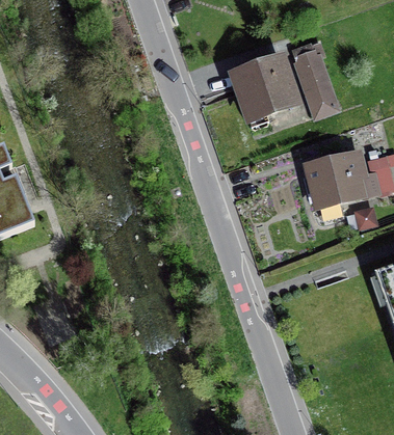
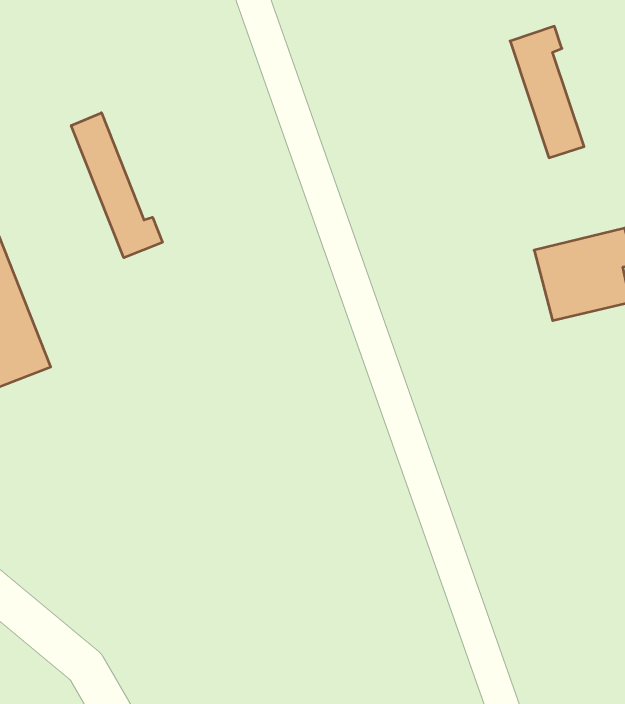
building: [233,56,296,126] -> none
building: none -> [71,113,162,258]

